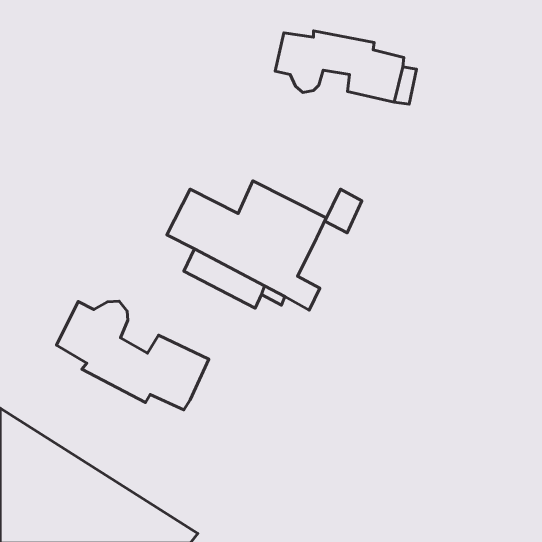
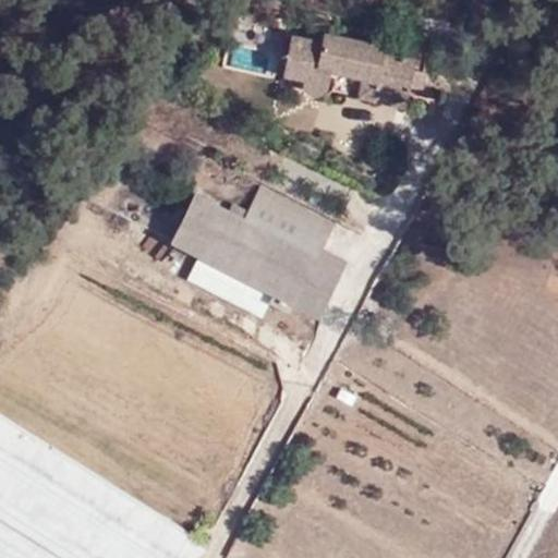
building: [325,189,362,233] -> [306,252,344,296]
building: [57,301,209,410] -> none

